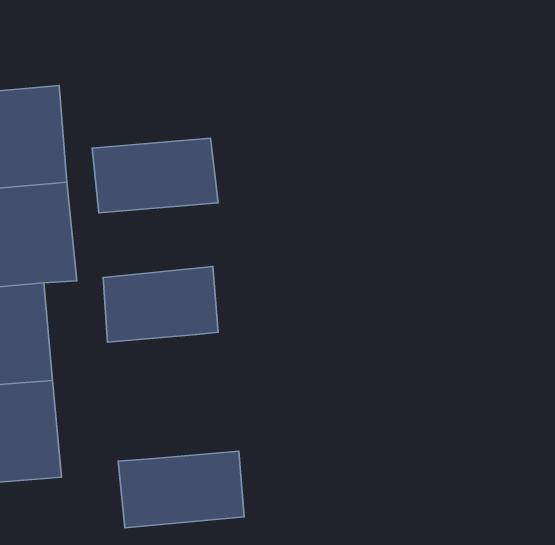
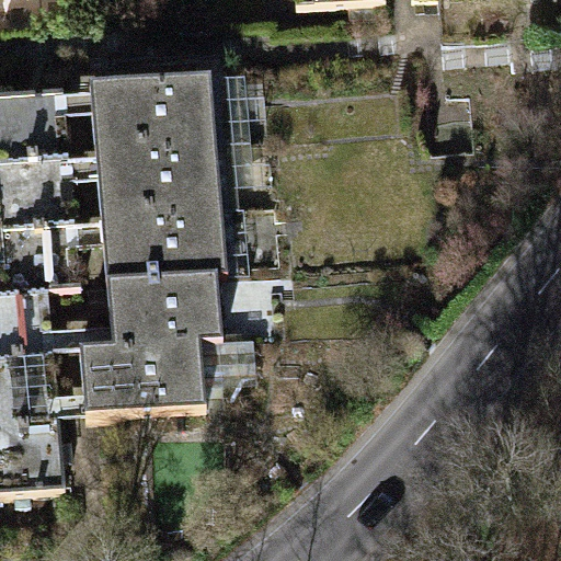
building: none -> [88,72,210,148]
building: none -> [99,203,224,277]
building: [118,451,244,528] -> [76,334,202,411]

